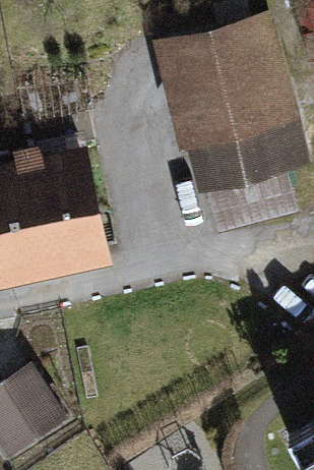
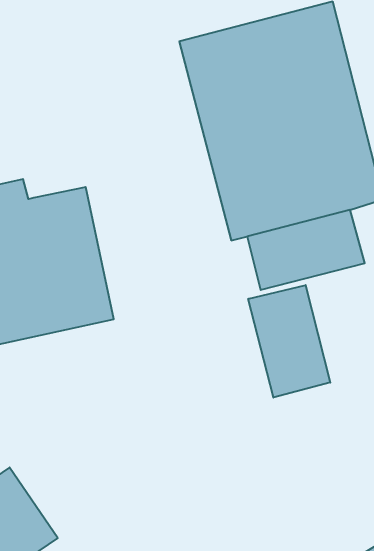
building: none -> [248,285,330,398]

